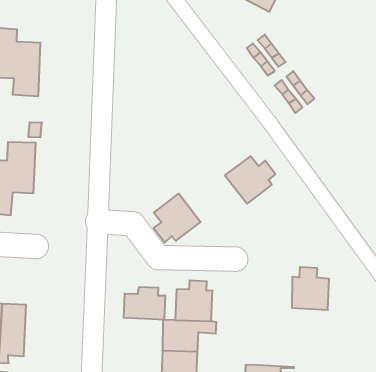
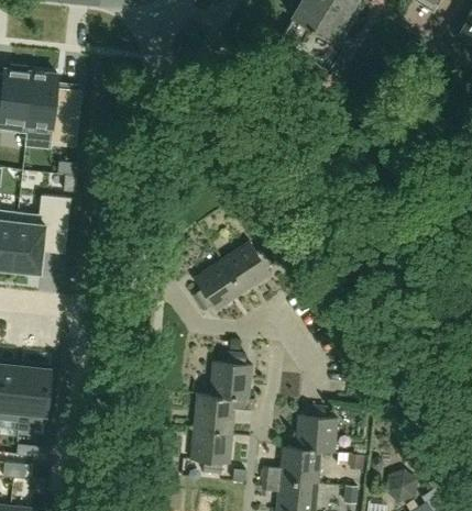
building: [225,156,275,204] -> [220,240,274,290]
building: [292,267,329,310] -> [295,403,337,451]
building: [124,287,165,320] -> none

